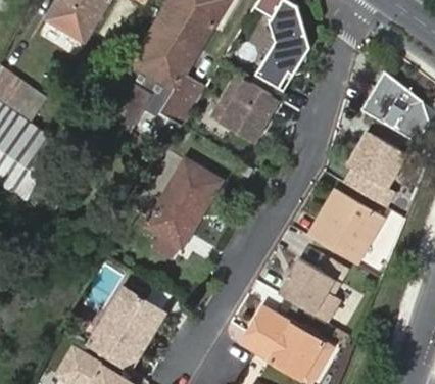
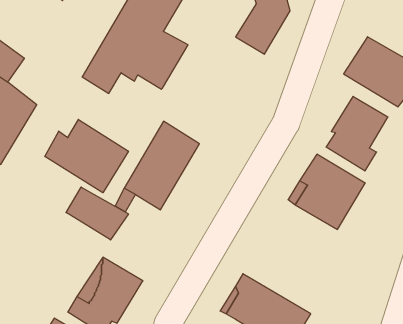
building: [212,75,281,144] -> none
building: none -> [45,119,128,193]
building: none -> [66,187,128,240]
building: [278,257,342,322] -> none

